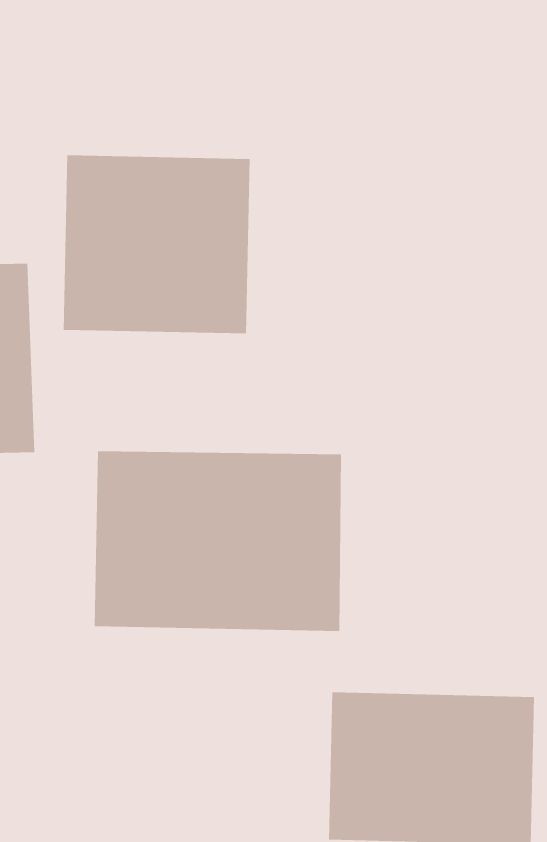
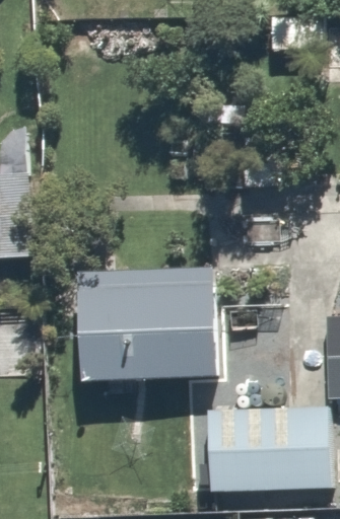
building: [63,155,250,334] -> none

